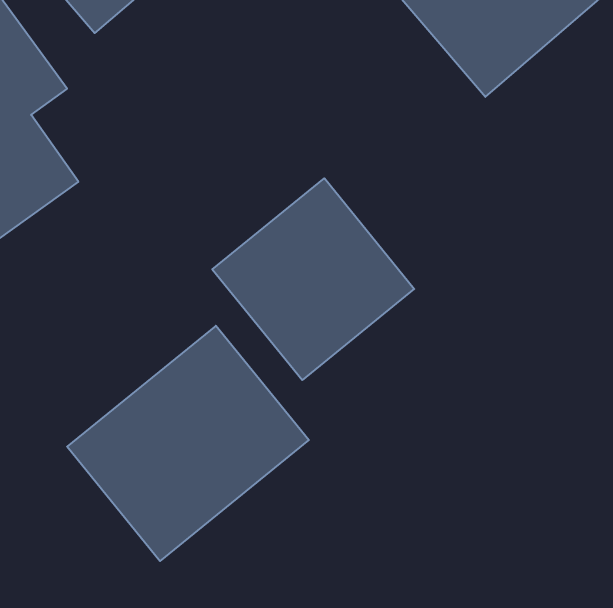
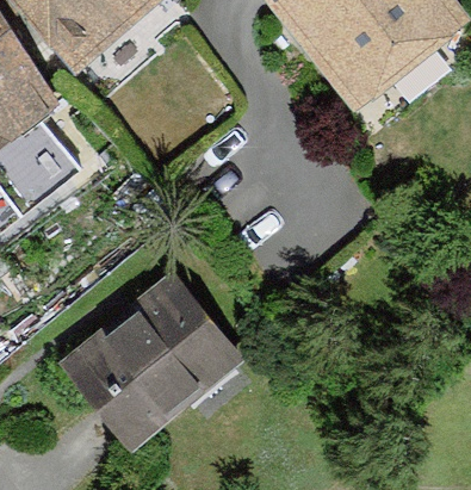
building: [212,178,414,380] -> none

